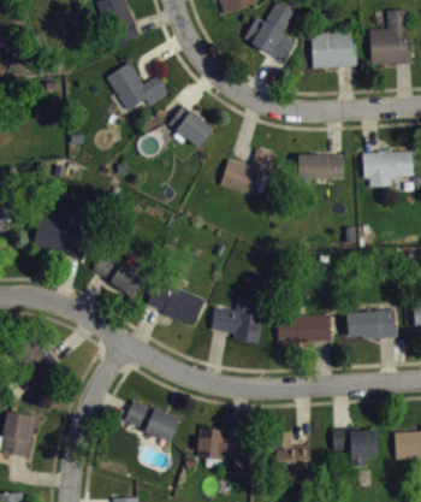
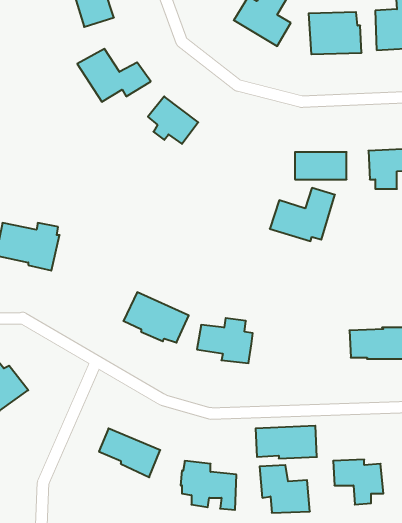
building: [220,148,278,195] -> [270,188,335,241]
building: [94,252,148,295] -> none
building: [278,313,332,342] -> [256,426,317,458]

